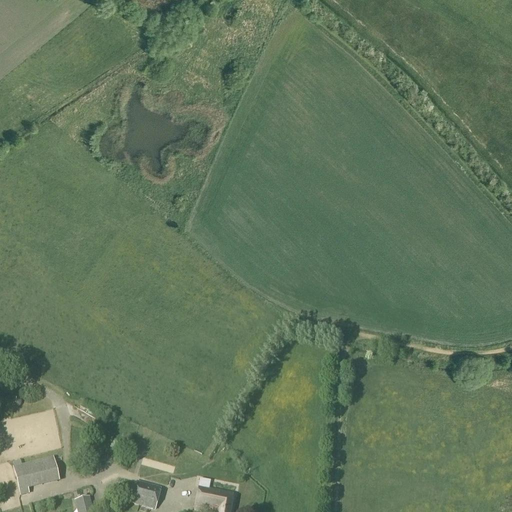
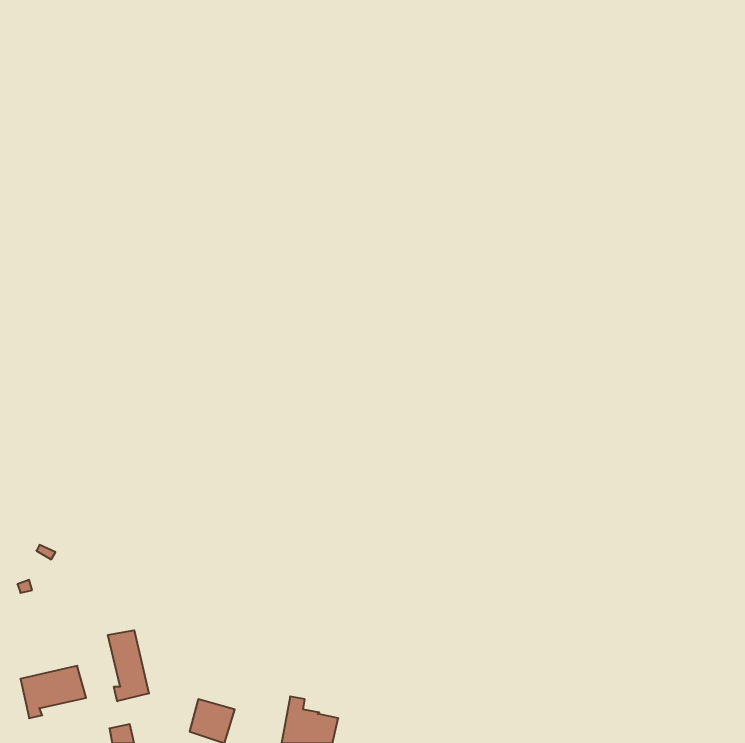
building: none -> [108,630,149,701]

